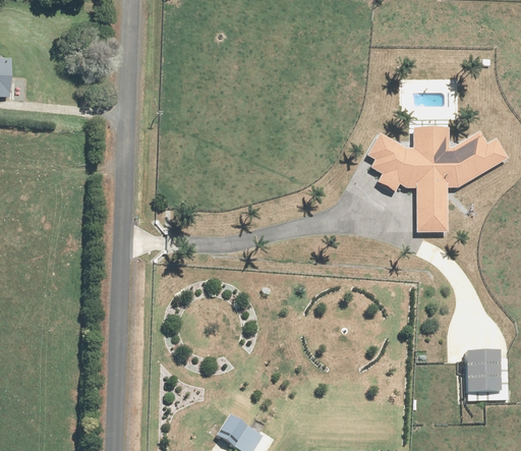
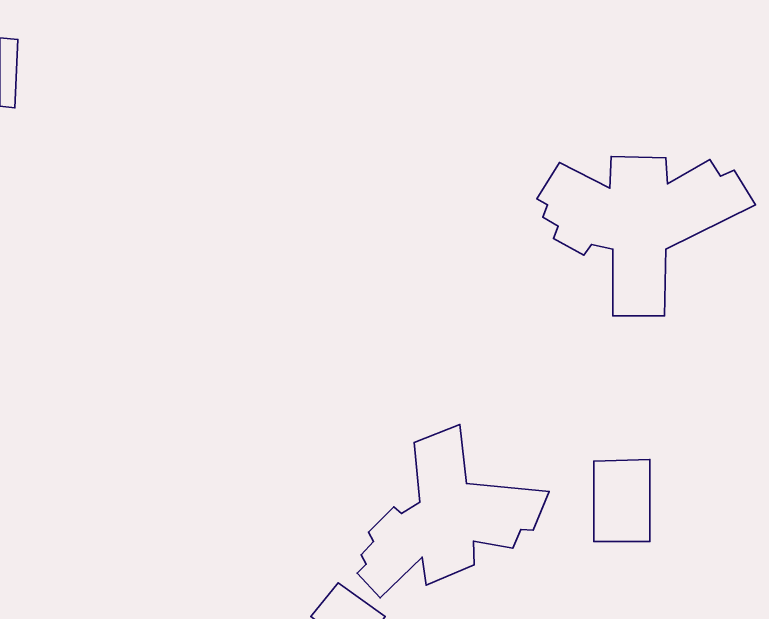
building: none -> [357,424,549,598]
building: [463,348,501,403] -> [594,460,650,542]

